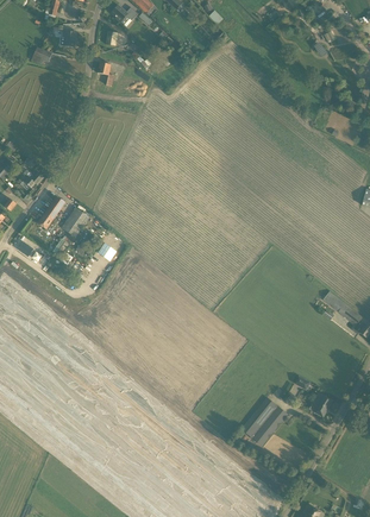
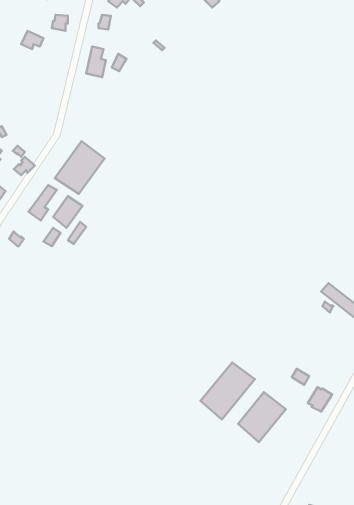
building: none -> [55,141,104,194]
building: none -> [201,362,255,419]

